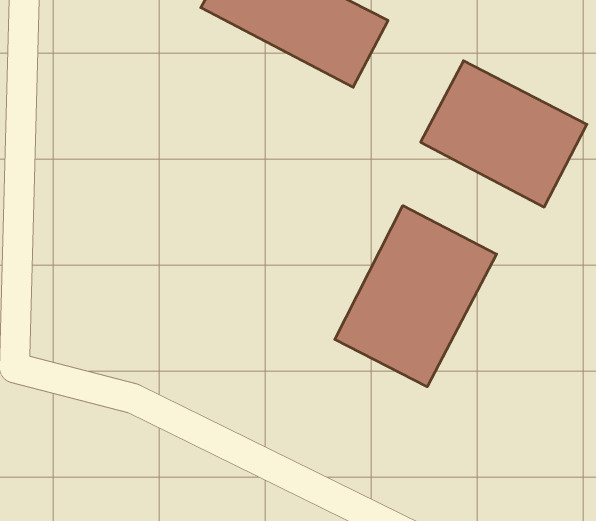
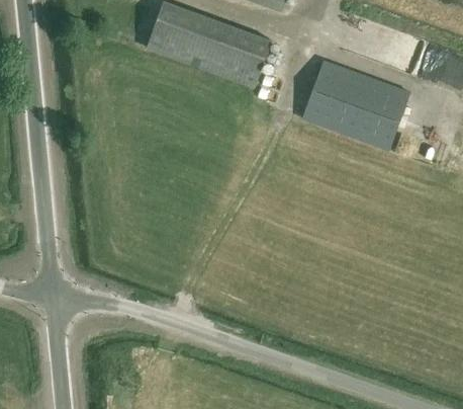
building: [335,206,497,387] -> none

